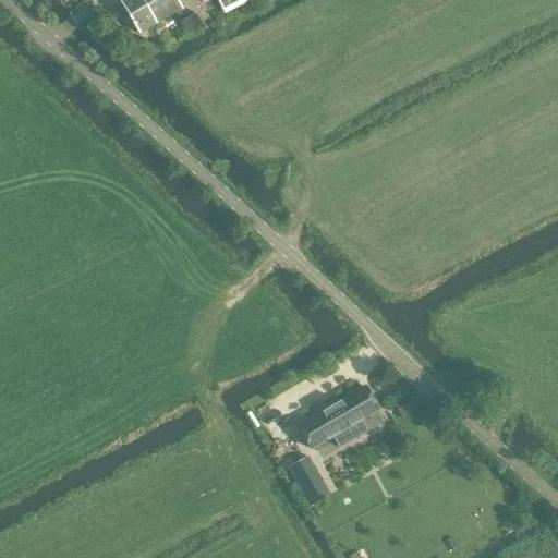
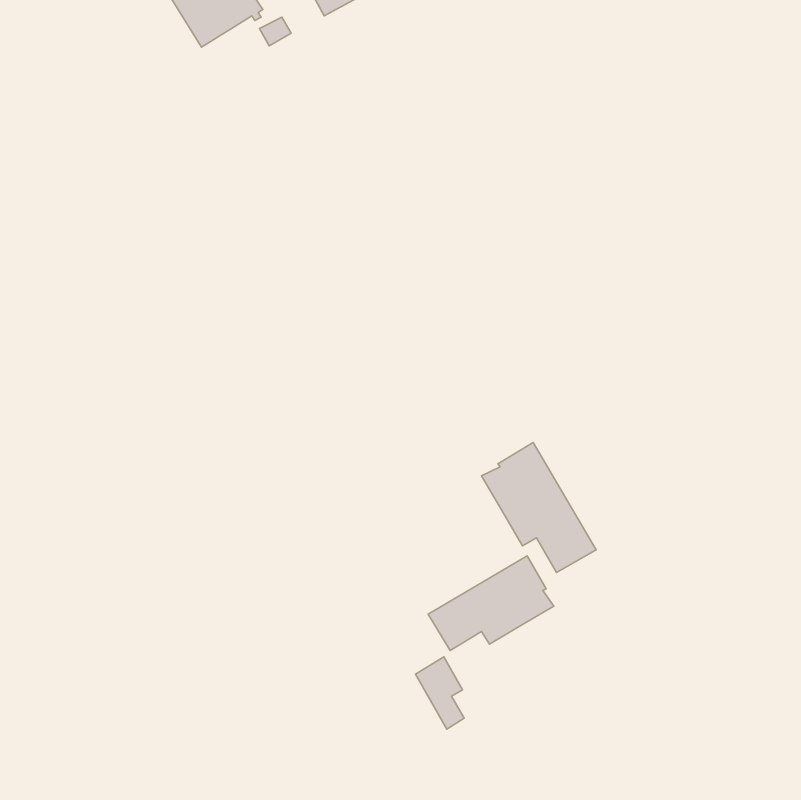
building: none -> [481,443,596,572]

